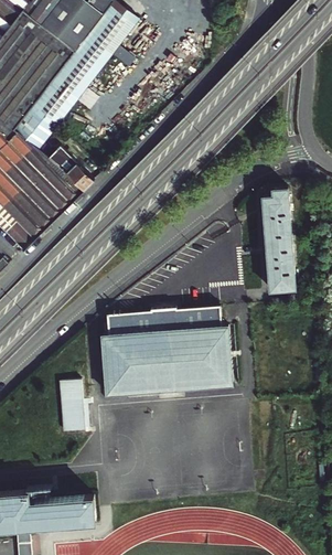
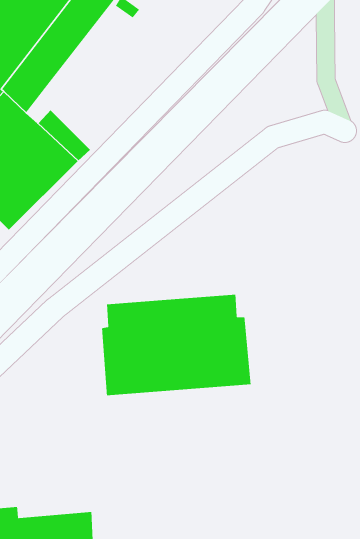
building: [261,188,294,290] -> none
building: [61,383,86,435] -> none

